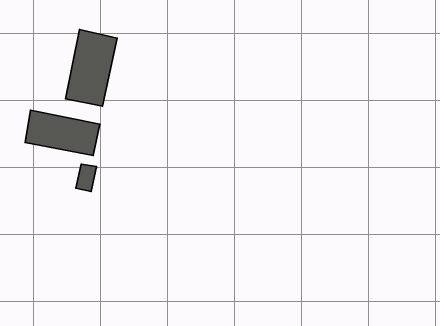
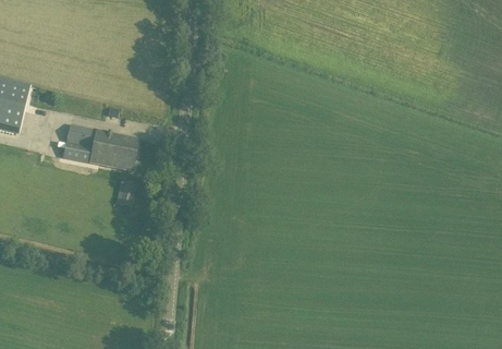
building: [66,29,117,106] -> none

